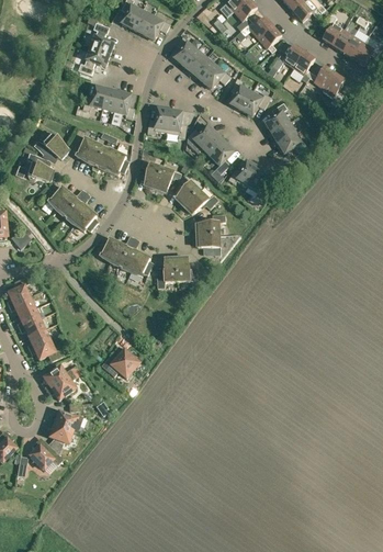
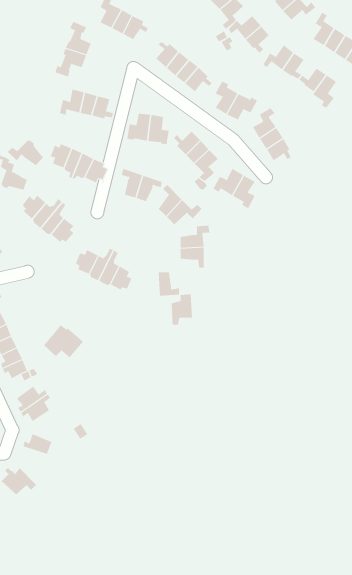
building: [156,258,177,288] -> [171,294,193,325]
building: [101,346,139,378] -> [43,324,84,358]
building: [46,423,71,454] -> none

